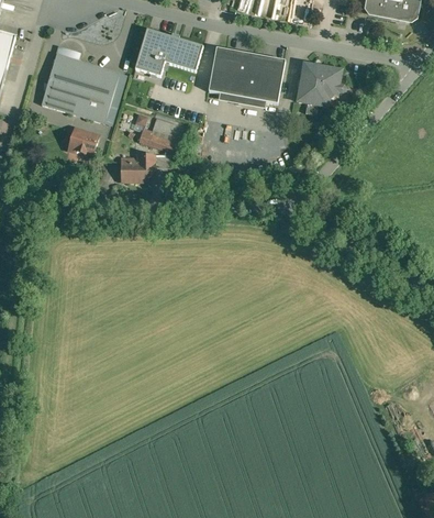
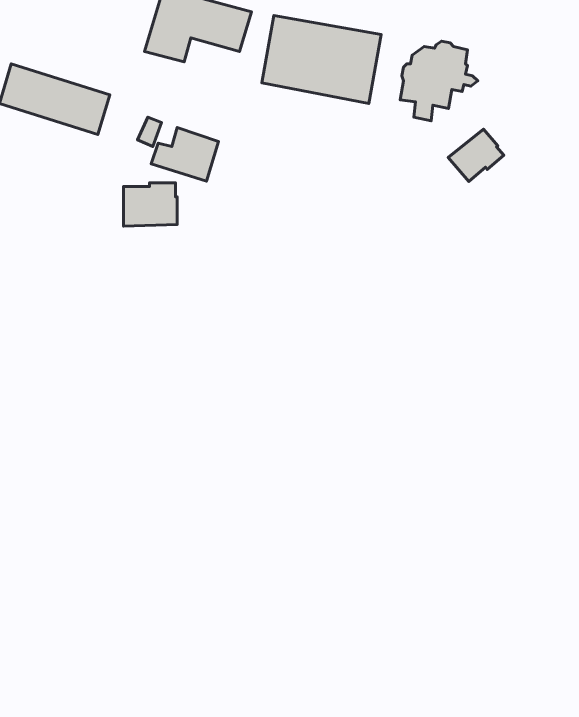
building: [49,47,120,98] -> none
building: none -> [448,129,504,181]
building: [68,128,99,156] -> none

